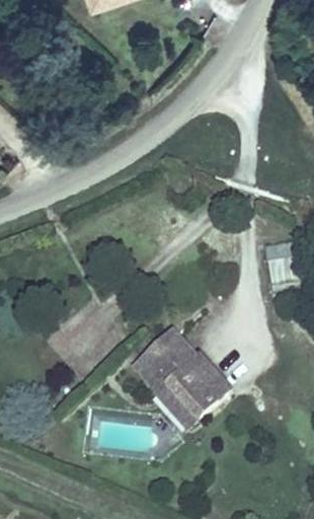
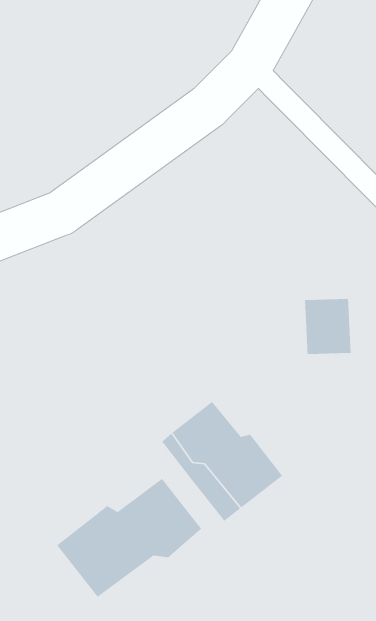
building: none -> [56,478,202,598]

